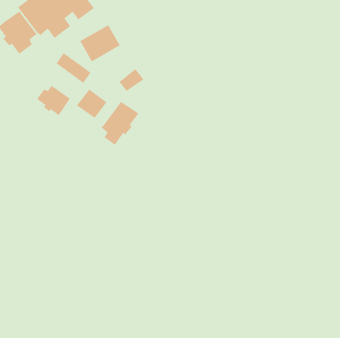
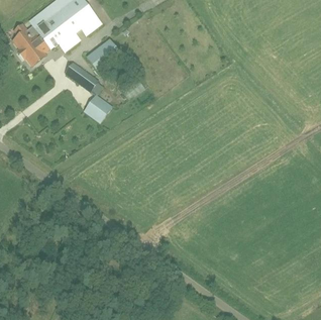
building: [36,85,71,116] -> none
building: [101,101,140,146] -> none

